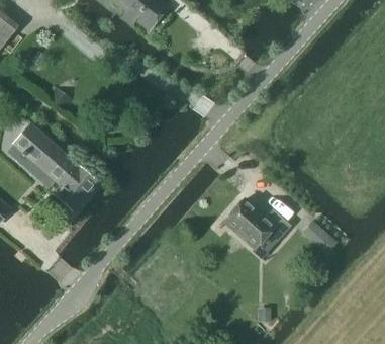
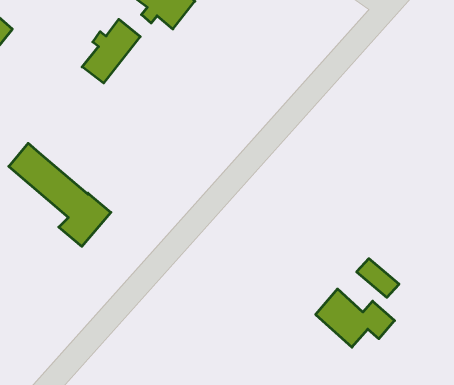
building: none -> [82,19,140,83]
building: [224,199,290,248] -> [316,289,395,347]

